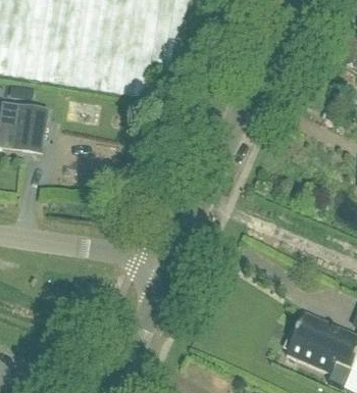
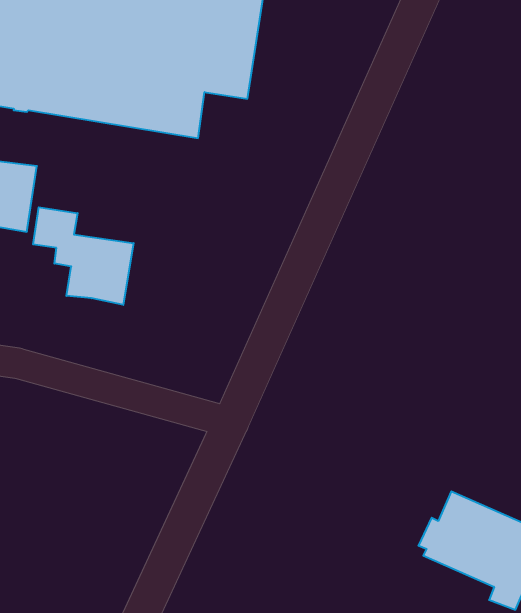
building: none -> [33,207,134,305]

